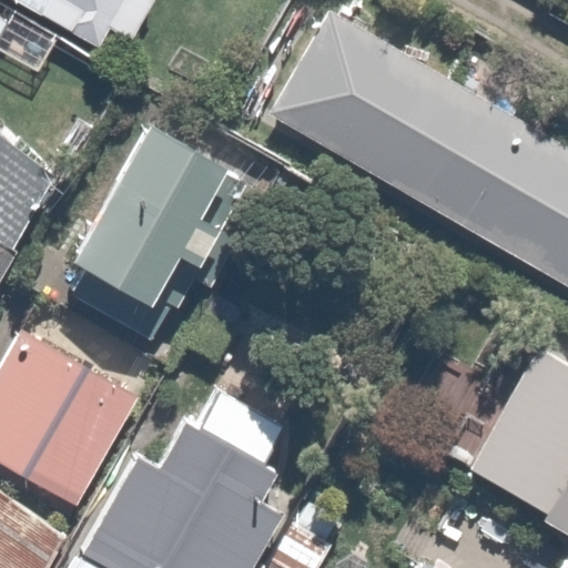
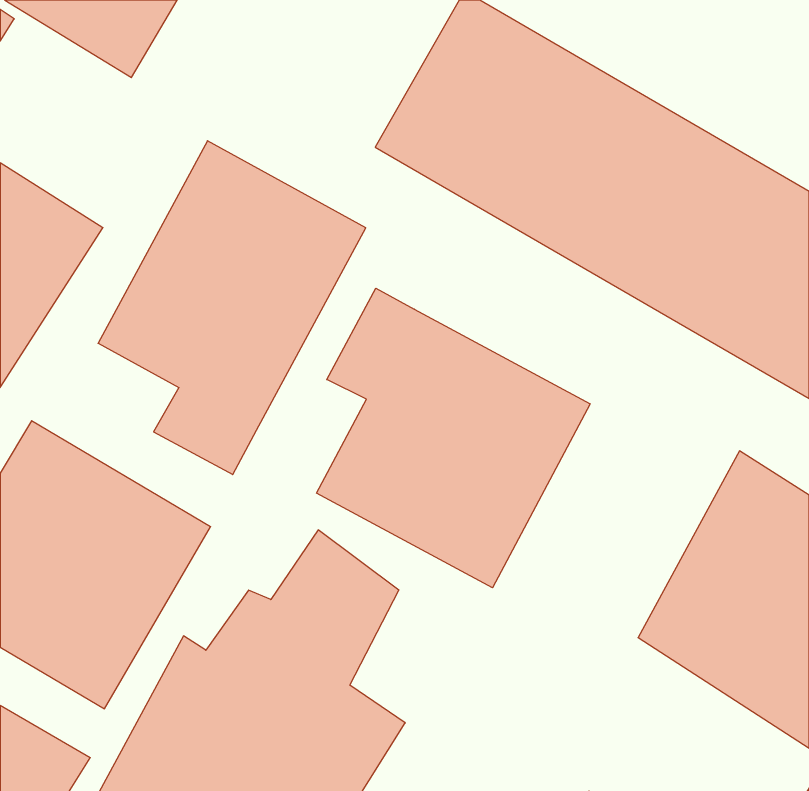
building: none -> [317,288,590,588]

